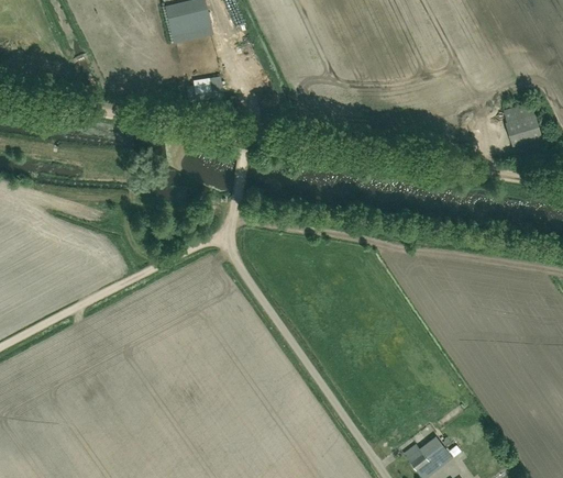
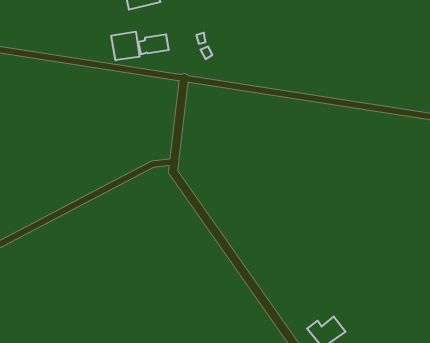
building: none -> [111,32,140,60]
building: [505,113,538,144] -> none

